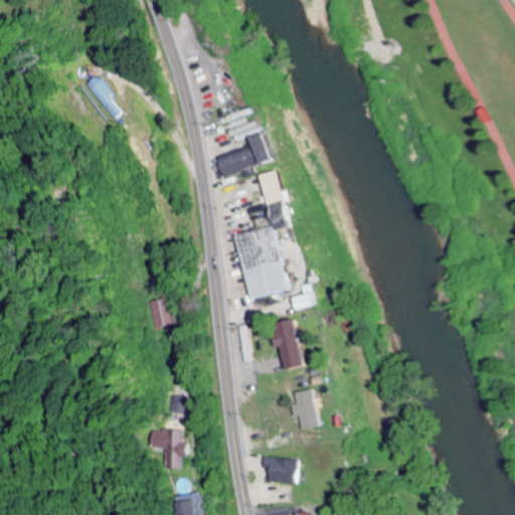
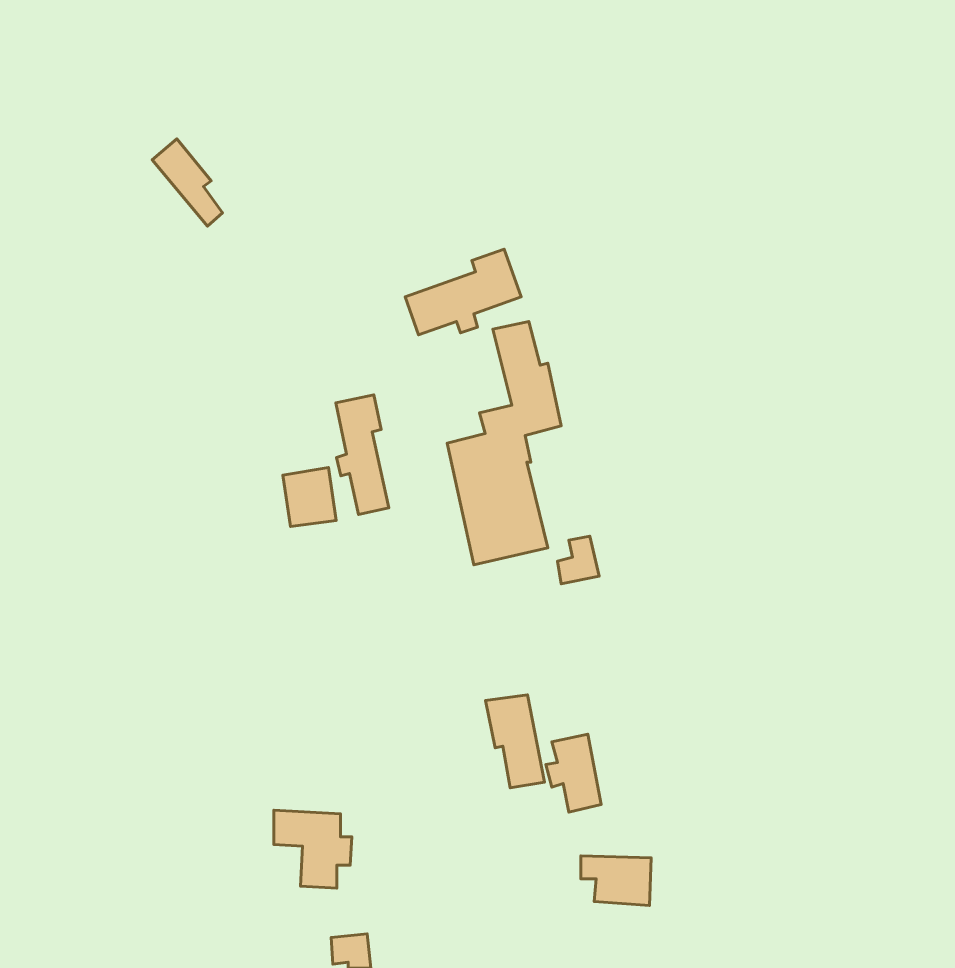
building: none -> [336,395,389,514]
building: [144,297,172,328] -> [283,467,336,526]
building: [274,320,305,369] -> [486,695,545,788]
building: [260,458,297,484] -> [581,856,651,905]

